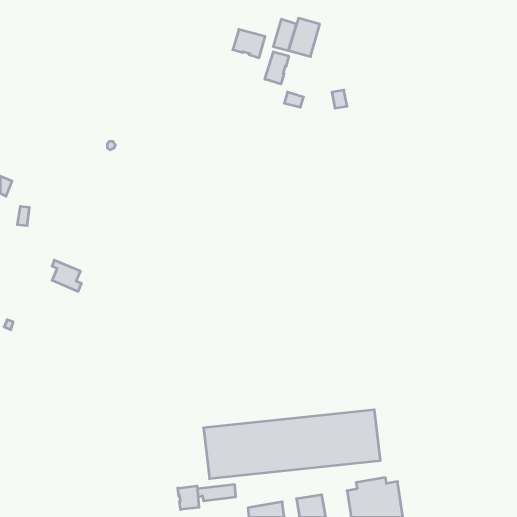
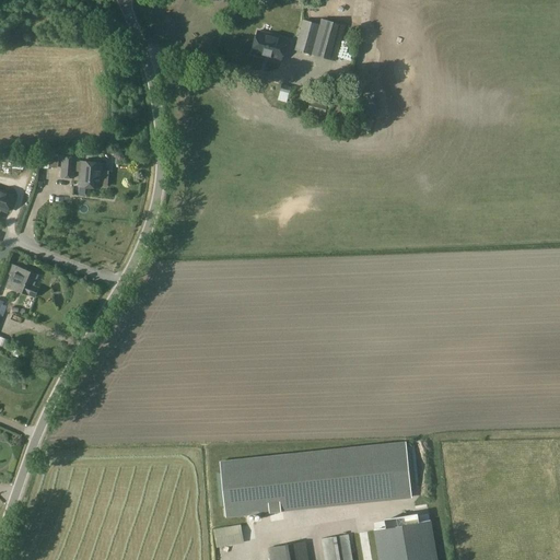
building: [265,52,289,84] -> none
building: none -> [60,155,107,188]
building: [52,260,81,291] -> [7,264,38,298]
building: [178,486,199,510] -> none

